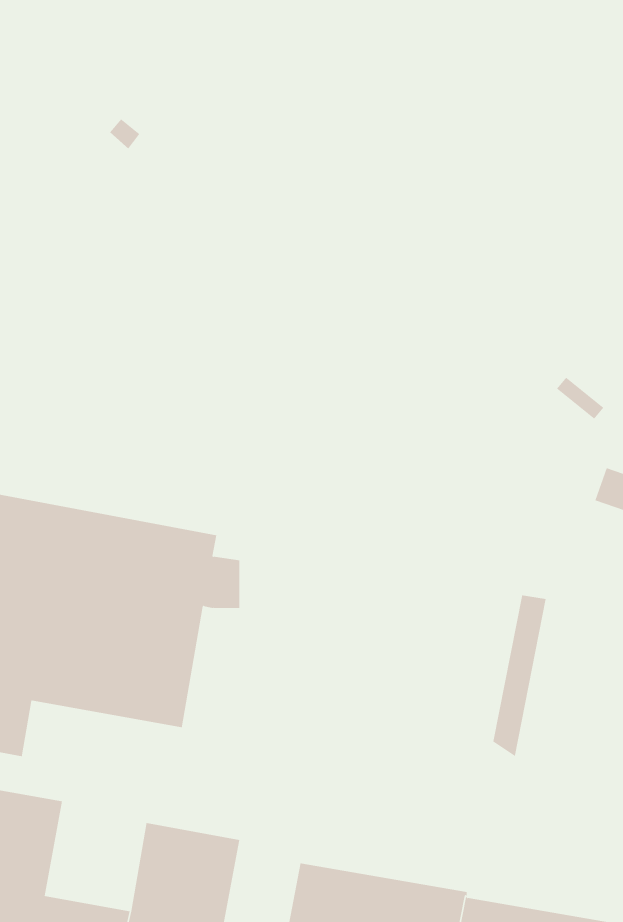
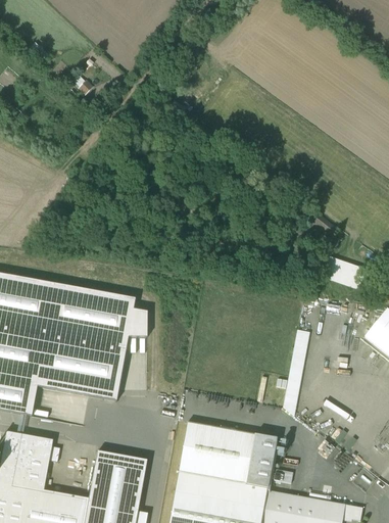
building: none -> [179,422,277,488]

